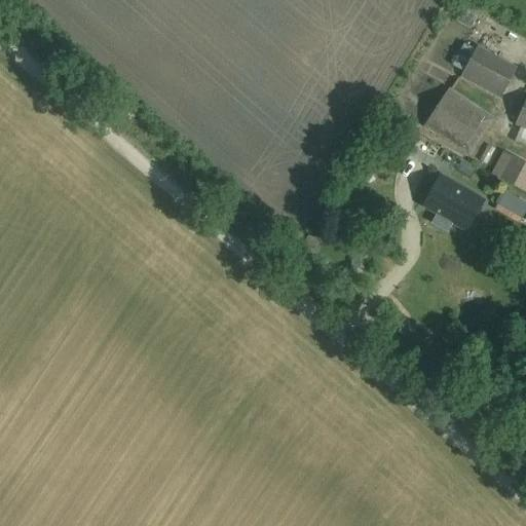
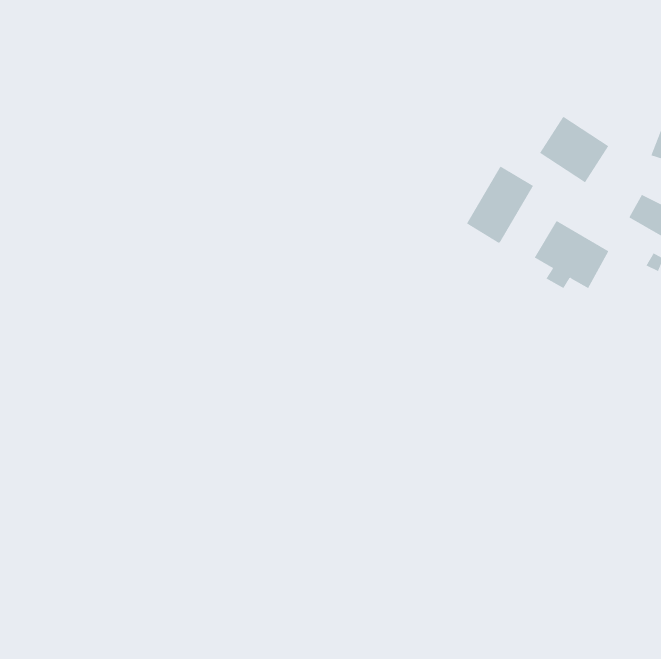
building: [462,45,517,97] -> none
building: none -> [466,166,534,244]

